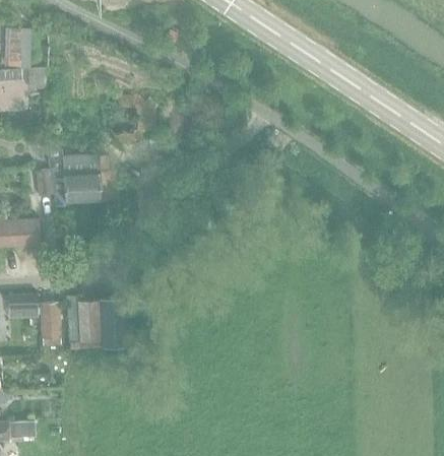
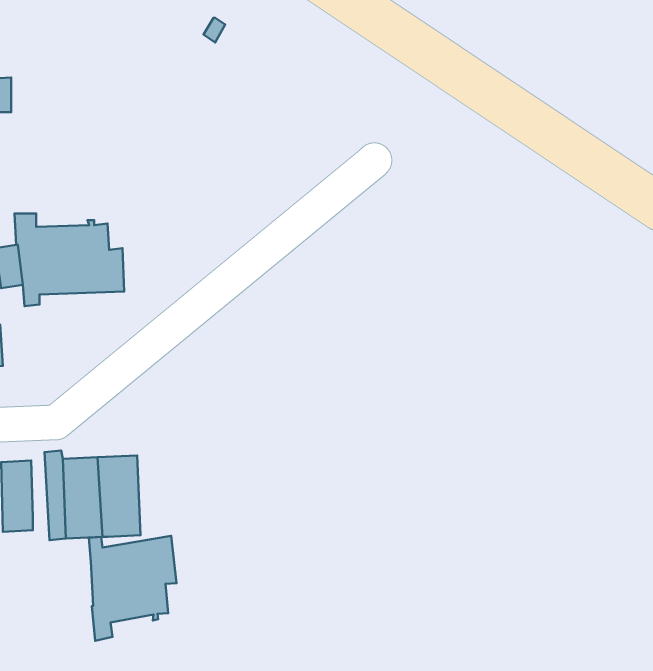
building: none -> [89,536,176,641]

